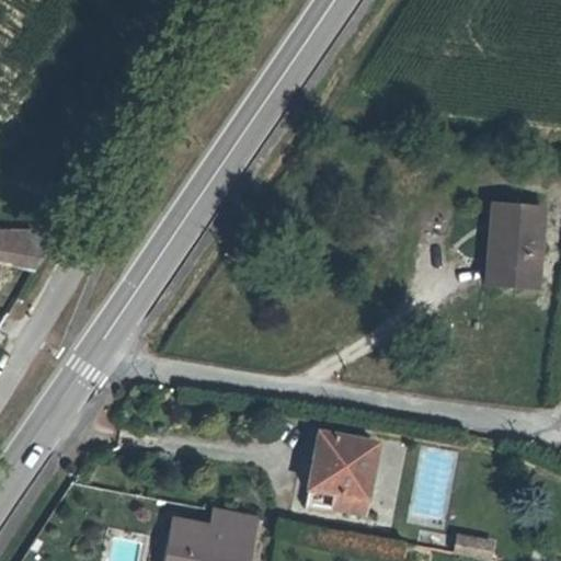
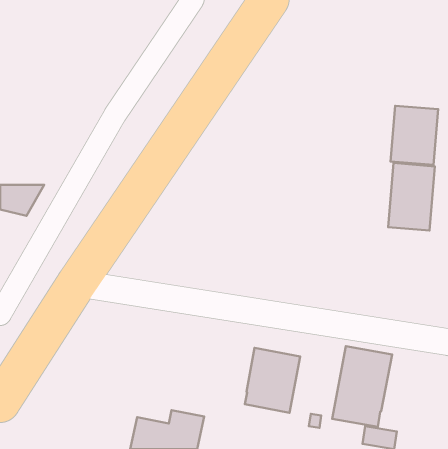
building: none -> [391,106,438,165]
building: none -> [332,346,392,427]

